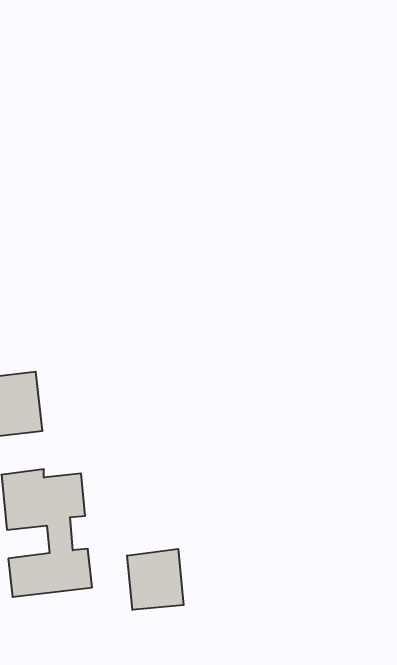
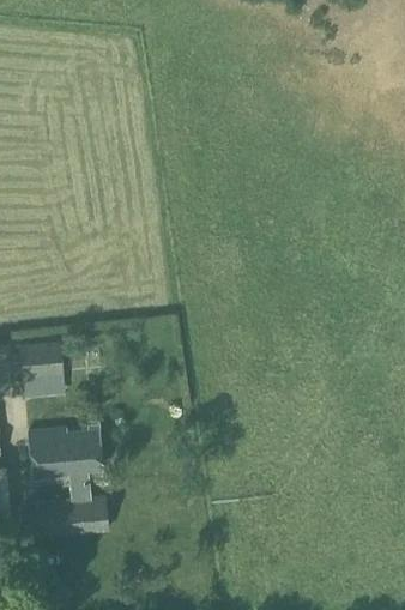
building: [127,549,184,610] -> none

